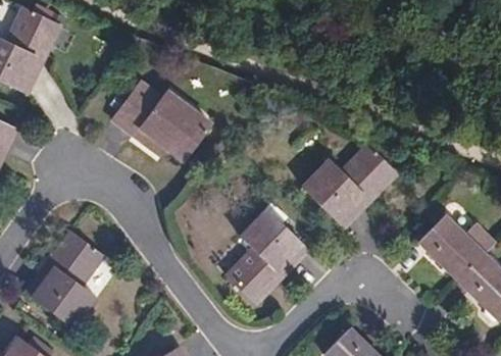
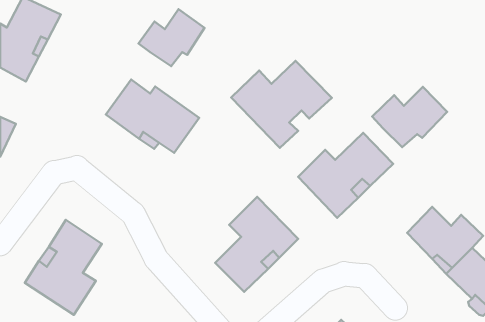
building: none -> [139,9,205,66]
building: none -> [231,61,332,148]
building: none -> [372,87,447,147]

